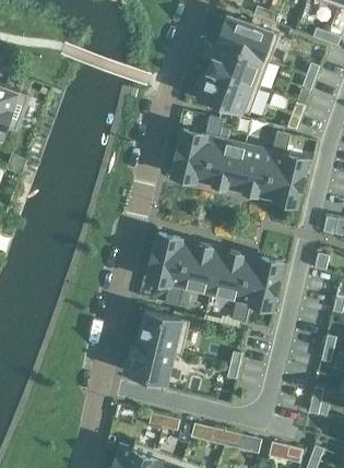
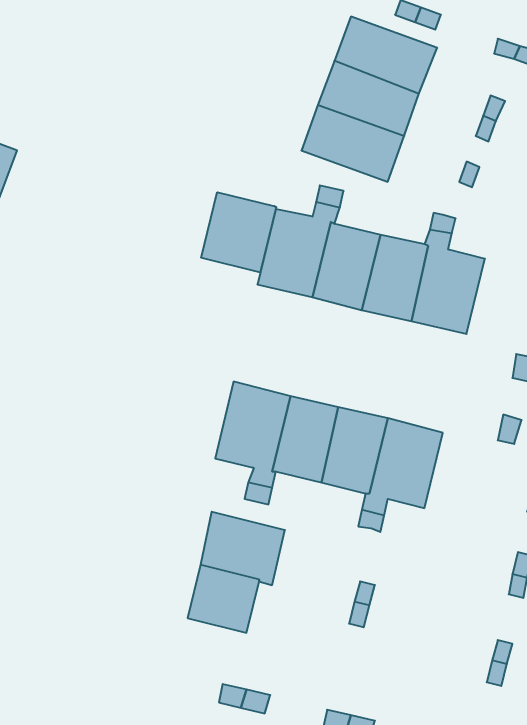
building: none -> [201,192,276,273]

